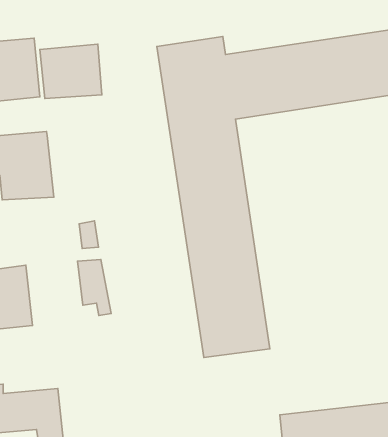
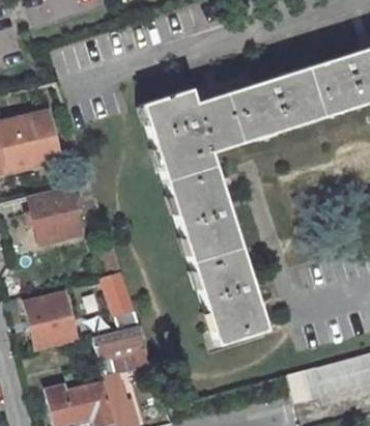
building: [40,44,102,99] -> none
building: none -> [95,322,147,371]

